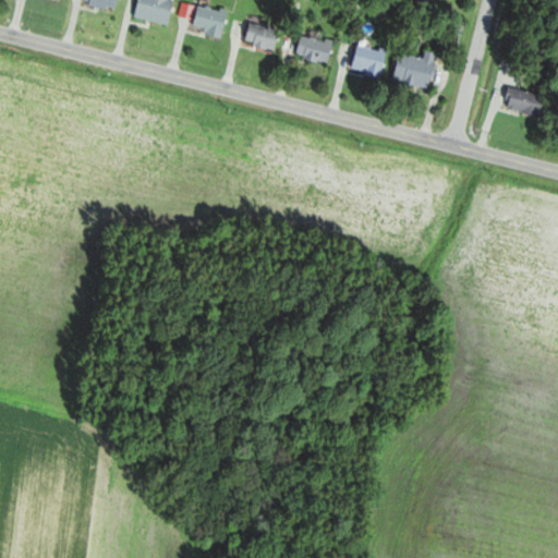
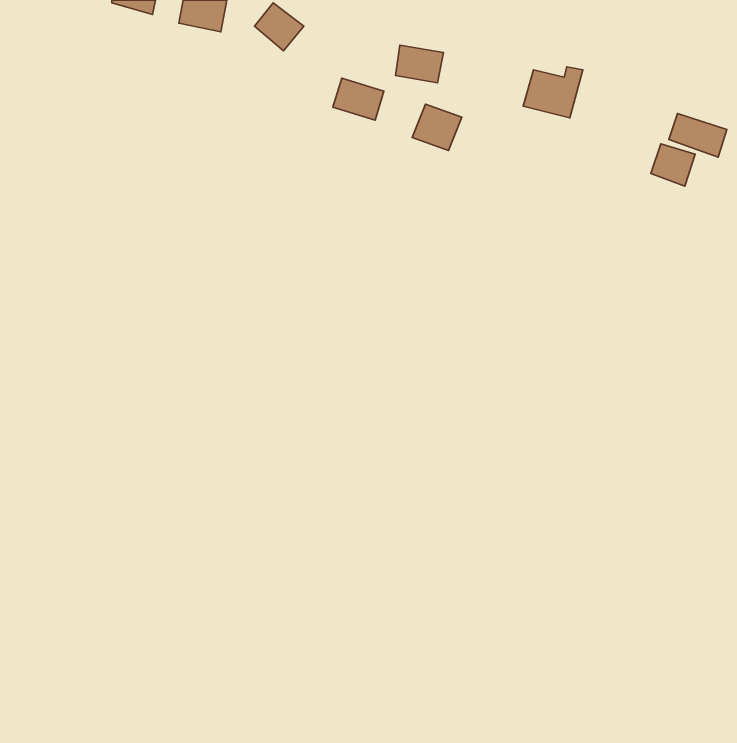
building: [242,20,280,51] -> [333,78,384,120]
building: [350,43,387,77] -> [412,104,462,151]
building: none -> [651,144,695,186]

